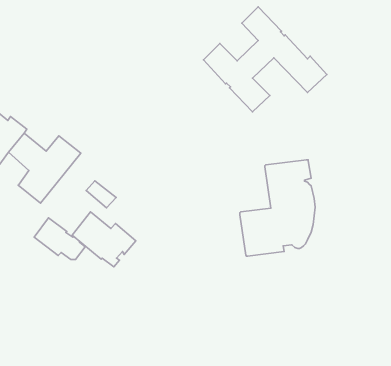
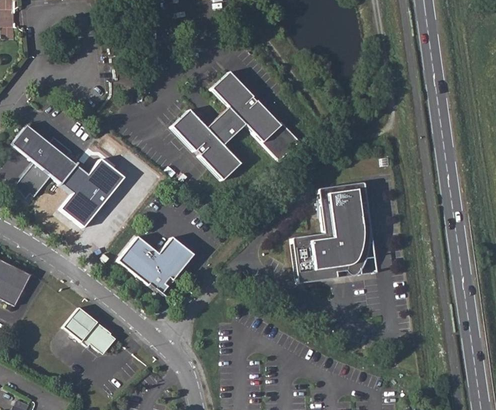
building: [203,7,327,112] -> [171,72,299,181]
building: [86,181,116,208] -> [163,239,194,267]
building: [34,218,85,259] -> [65,306,118,349]

